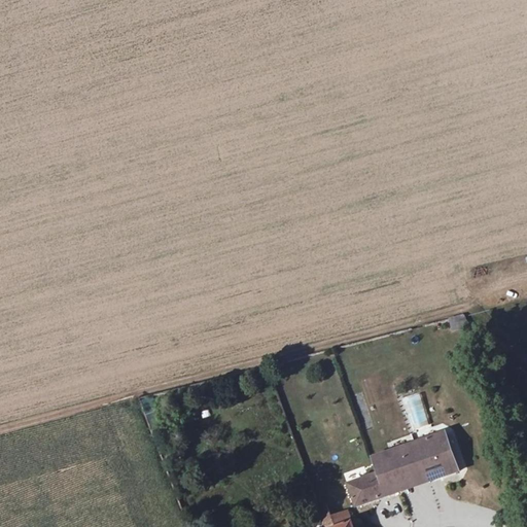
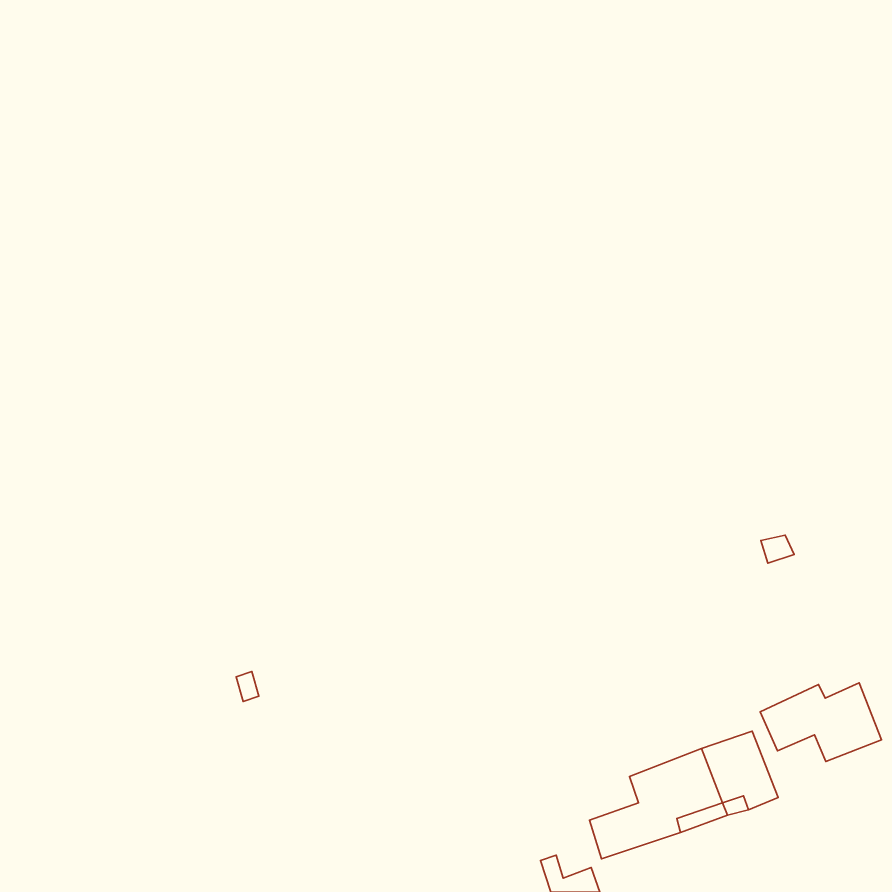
building: none -> [760,683,882,761]

